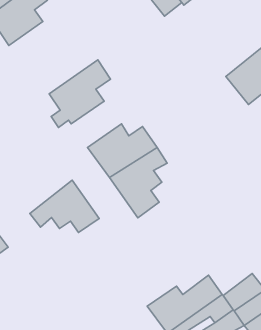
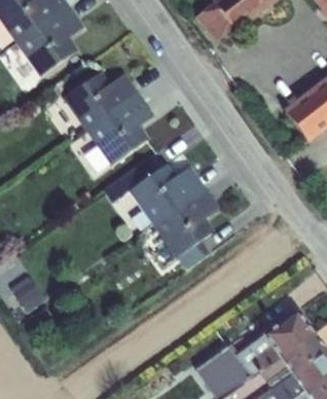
building: none -> [62,70,139,131]
building: [30,180,99,232] -> none
building: none -> [263,312,313,358]

